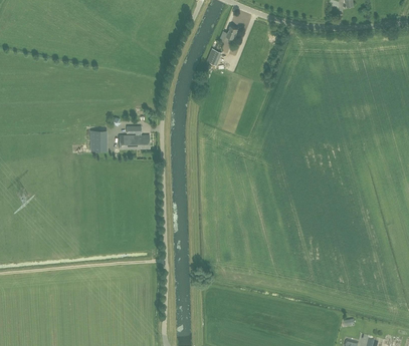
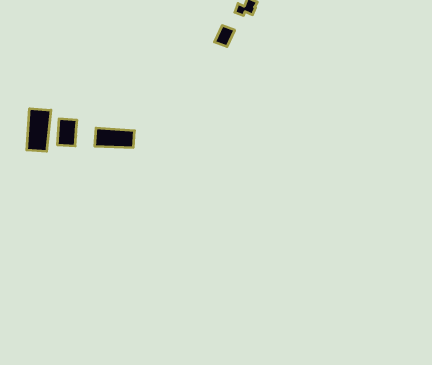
building: none -> [27,109,51,151]

